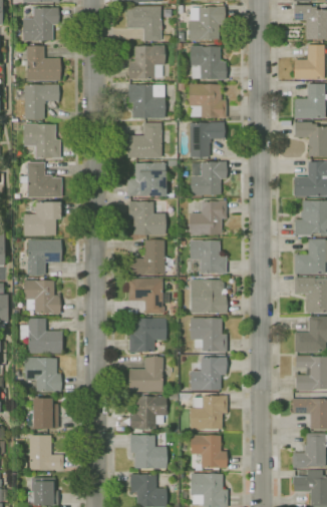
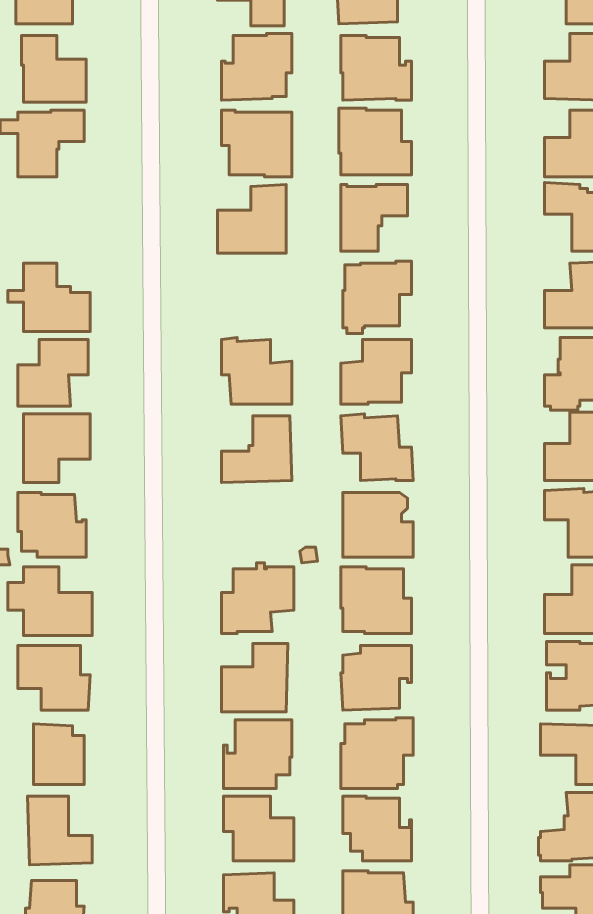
building: [23,123,59,158] -> none
building: [126,162,166,196] -> none
building: [127,278,170,314] -> none

